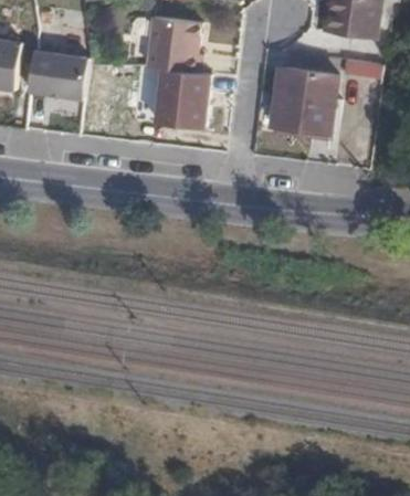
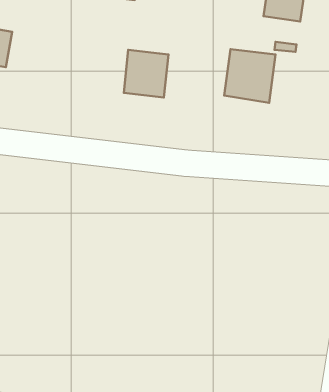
building: [145,18,200,73] -> none
building: [28,53,86,96] -> none

